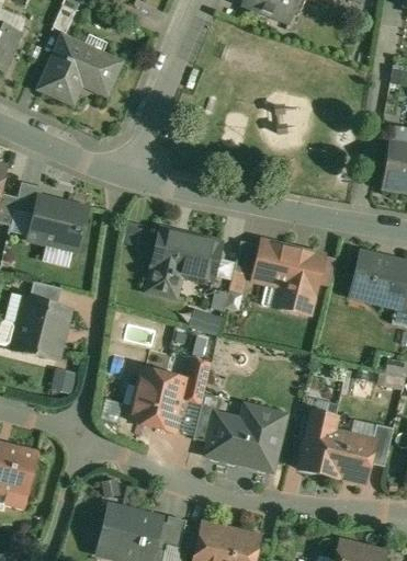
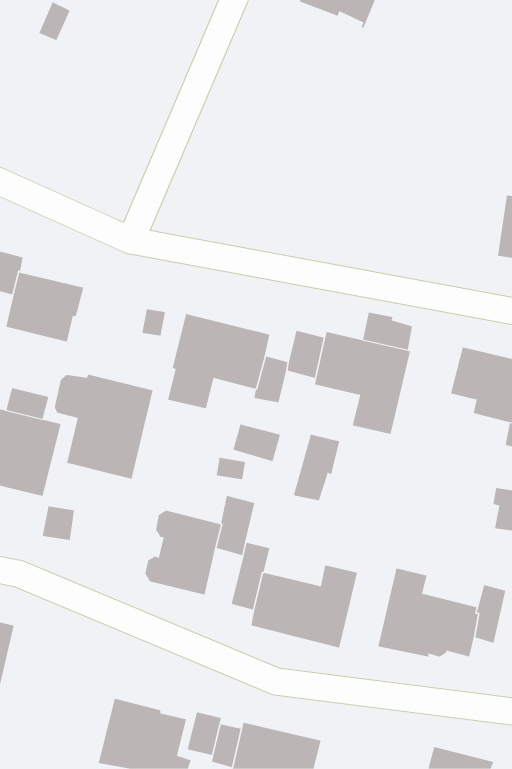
building: [41,36,120,101] -> none
building: none -> [363,312,413,351]
building: none -> [54,374,153,480]
building: none -> [293,434,340,501]

